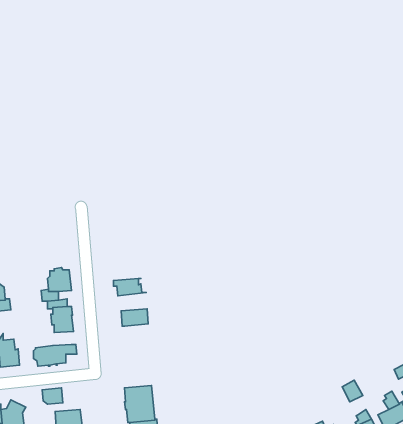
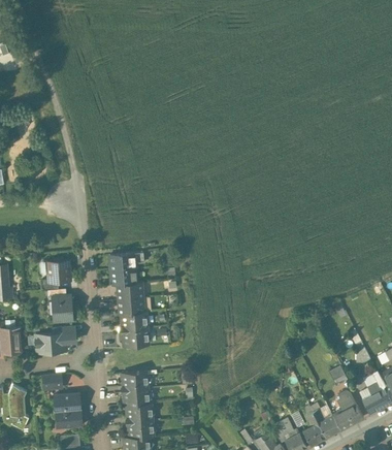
building: none -> [109,253,143,271]
building: none -> [115,283,142,300]
building: none -> [120,313,149,347]

